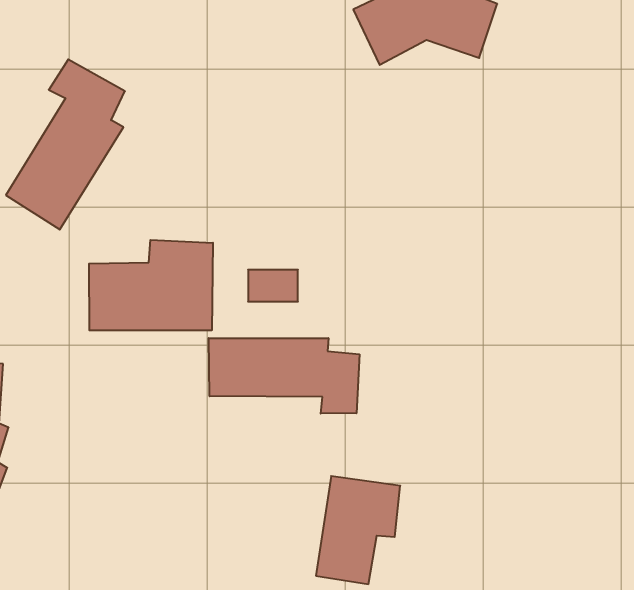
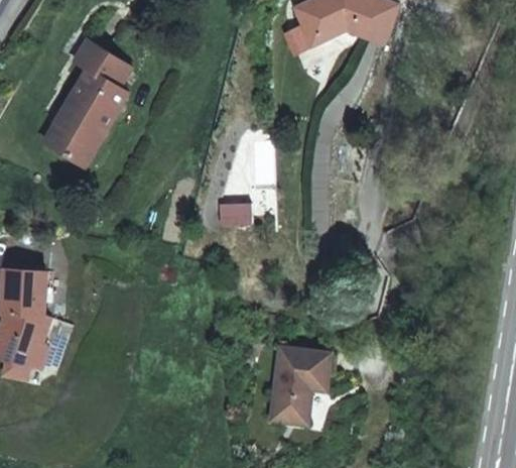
building: [89,240,213,330] -> none
building: [209,338,359,414] -> none

